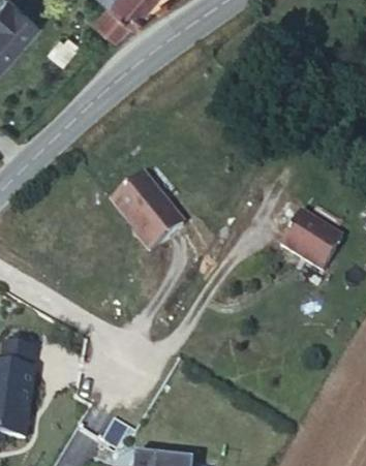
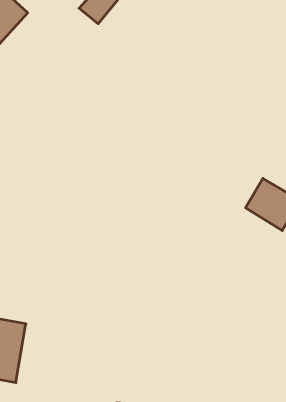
building: [106,168,178,237] -> none

